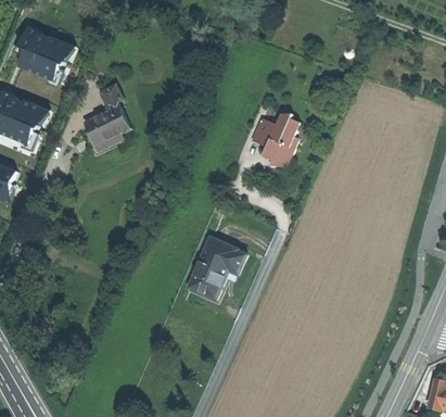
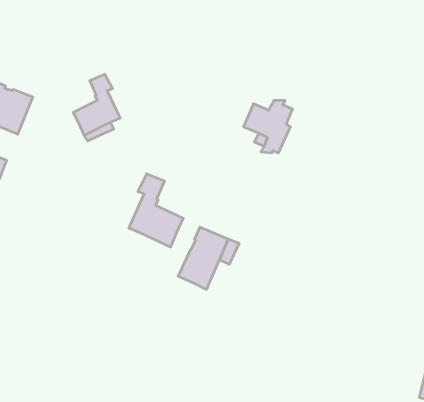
building: [18,27,69,81] -> none
building: none -> [129,174,183,247]

